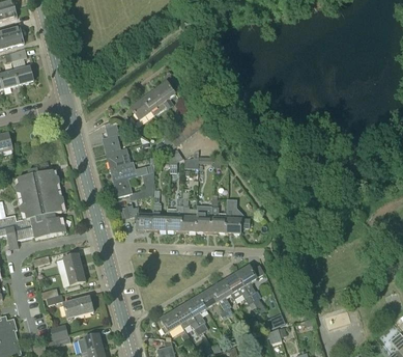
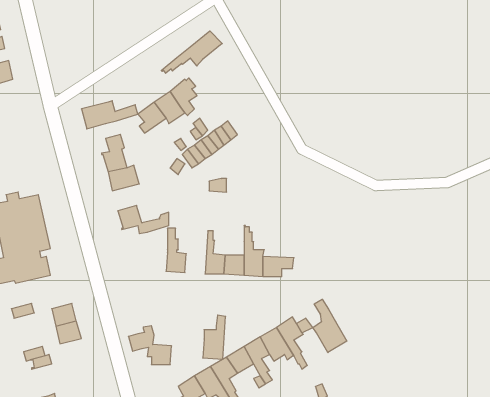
building: none -> [161,31,222,73]
building: [109,160,152,182] -> [81,101,138,129]
building: [165,196,182,230] -> [203,315,226,359]
building: [118,198,151,228] -> [128,326,172,365]
building: none -> [313,299,347,353]
building: [62,296,92,318] -> none

